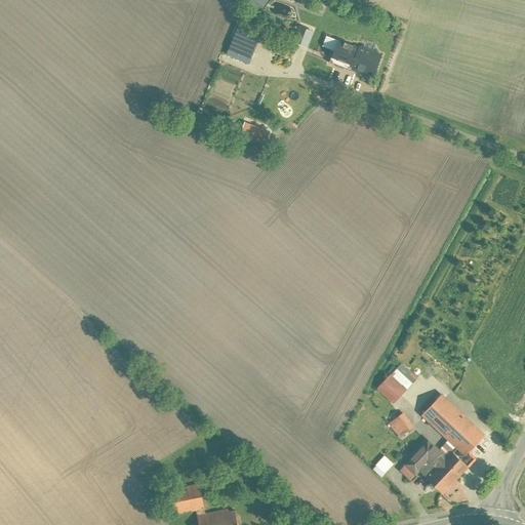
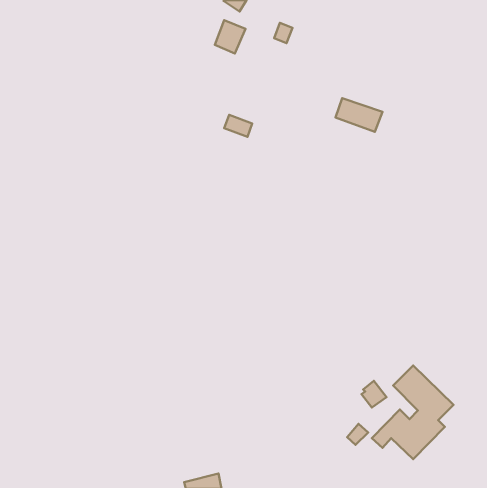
building: [331,40,381,76] -> [335,98,382,132]
building: [376,369,411,404] -> none
building: [174,485,203,514] -> none

